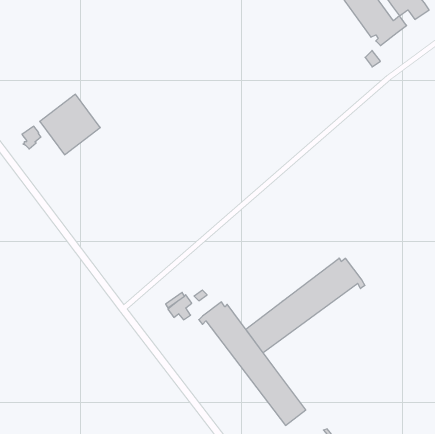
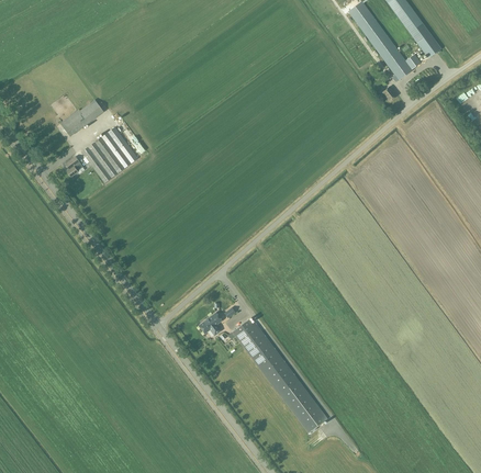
building: none -> [61,98,104,135]
building: [246,258,365,353] -> none

